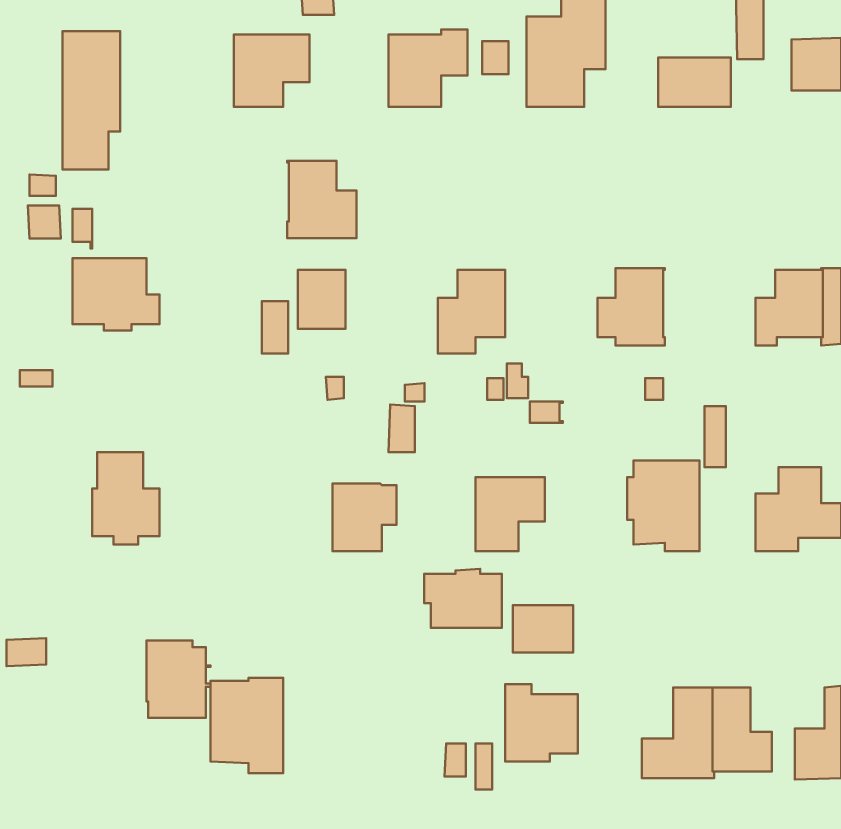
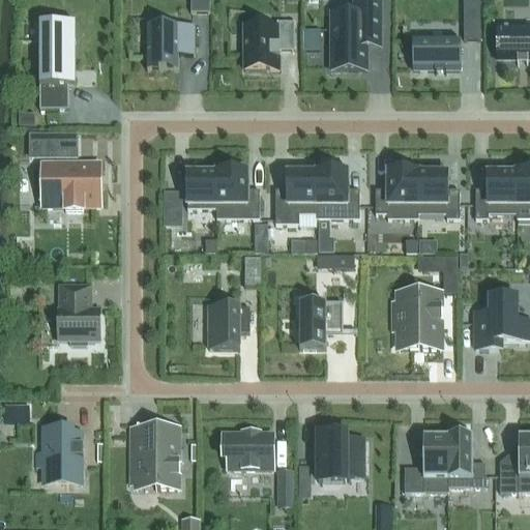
building: [287,161,356,238] -> [216,169,260,217]
building: none -> [317,169,359,217]
building: none -> [417,170,460,217]
building: [424,569,502,628] -> [224,430,272,467]
building: [513,605,573,652] -> none
building: [146,641,211,718] -> [43,425,84,474]

